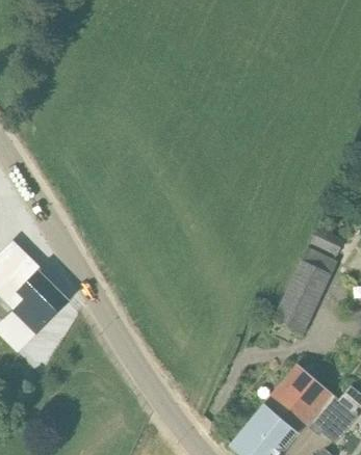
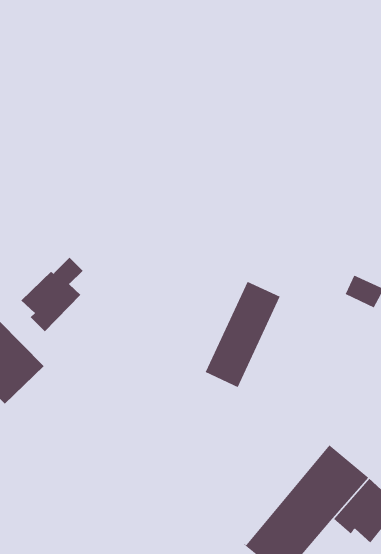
building: none -> [20,257,83,332]
building: [274,247,335,333] -> [205,281,280,388]

